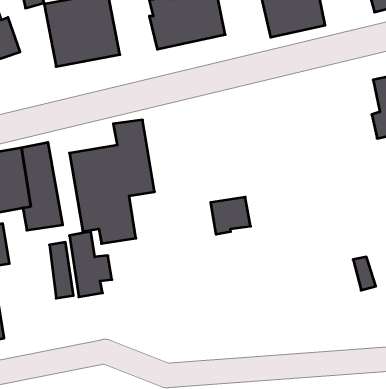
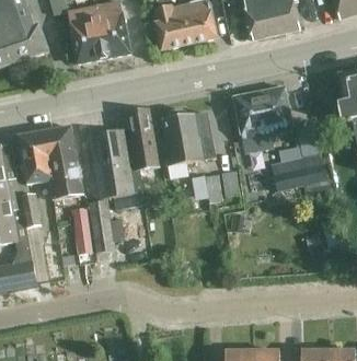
building: none -> [233,85,293,150]
building: none -> [163,107,216,165]
building: none -> [269,152,327,190]

